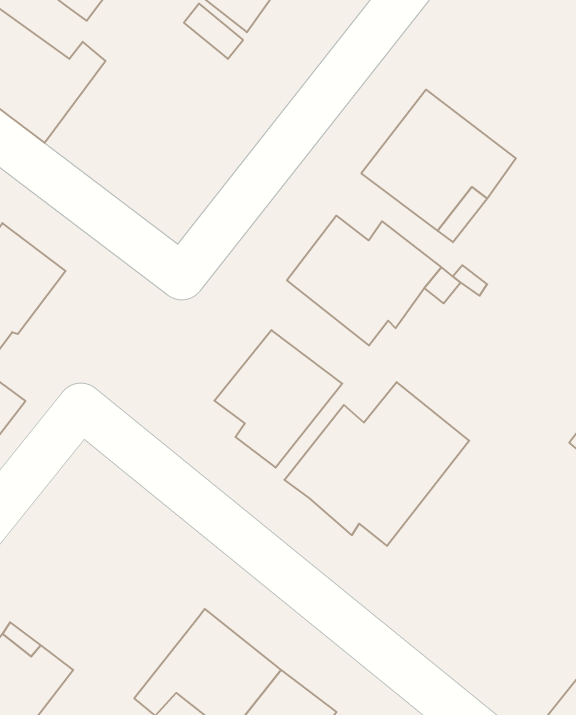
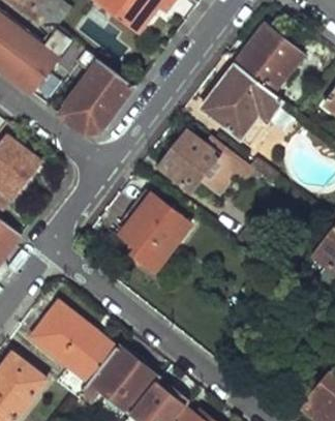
building: none -> [238,26,301,89]
building: none -> [56,41,133,133]
building: [284,382,469,546] -> none
building: none -> [31,303,113,396]

